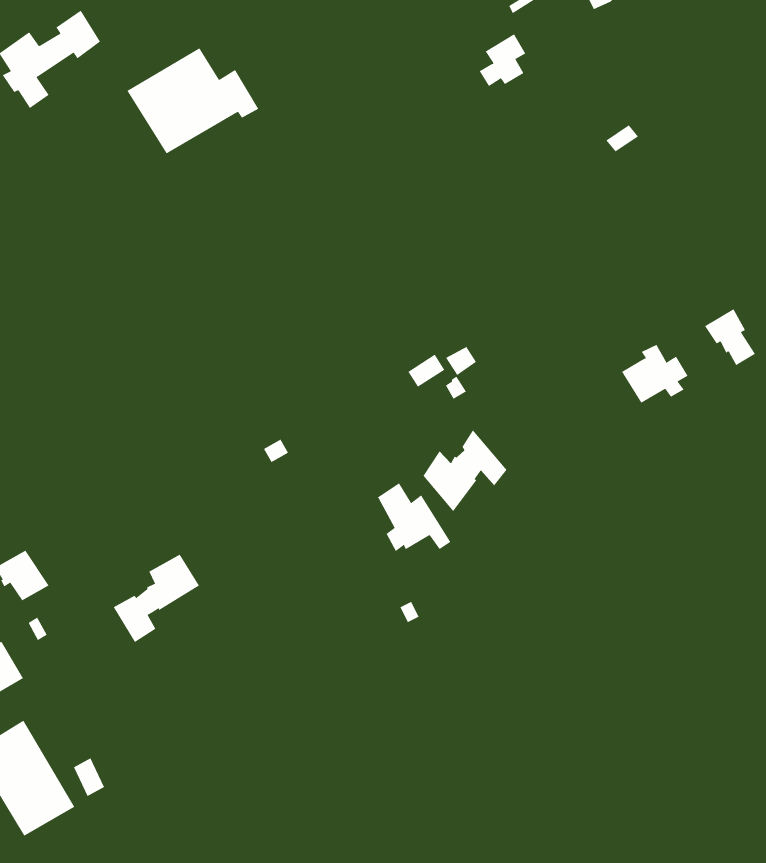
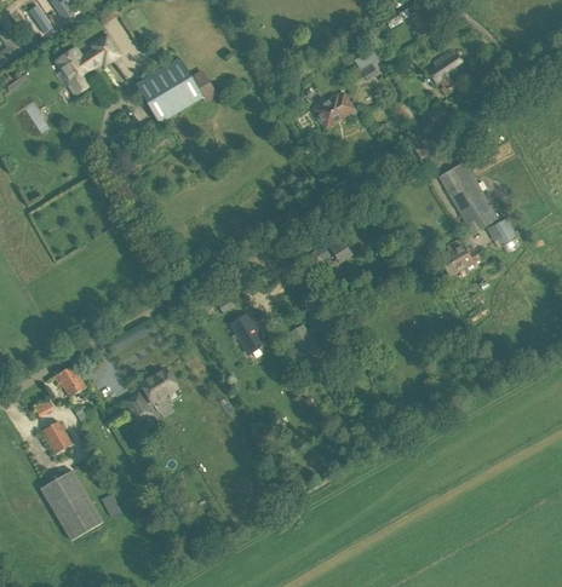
building: none -> [426,46,464,93]
building: none -> [315,92,354,126]
building: none -> [437,161,495,231]
building: [423,429,507,512] -> none
building: none -> [230,313,264,352]

